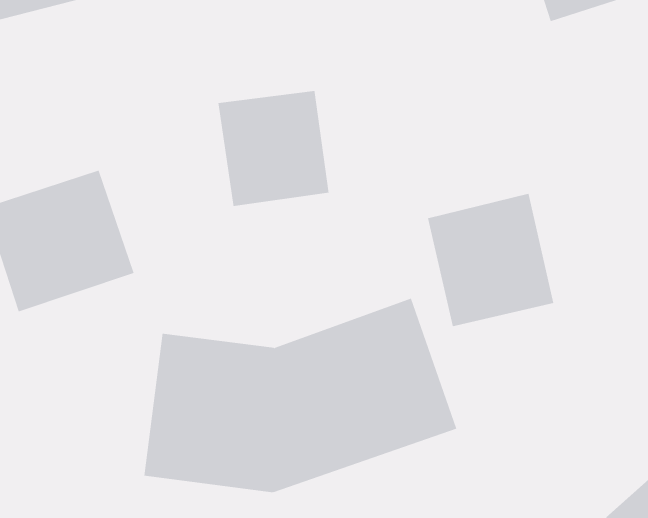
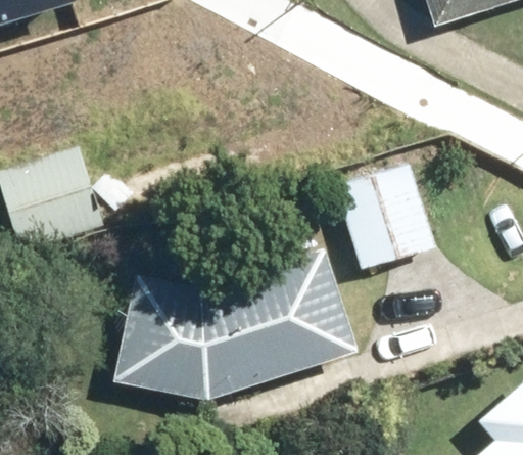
building: [218,90,329,207] -> none

